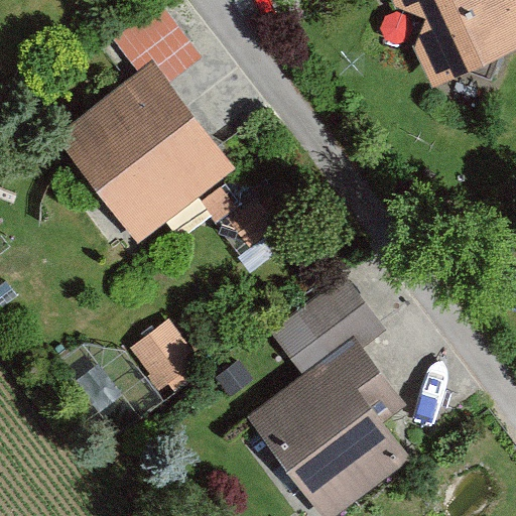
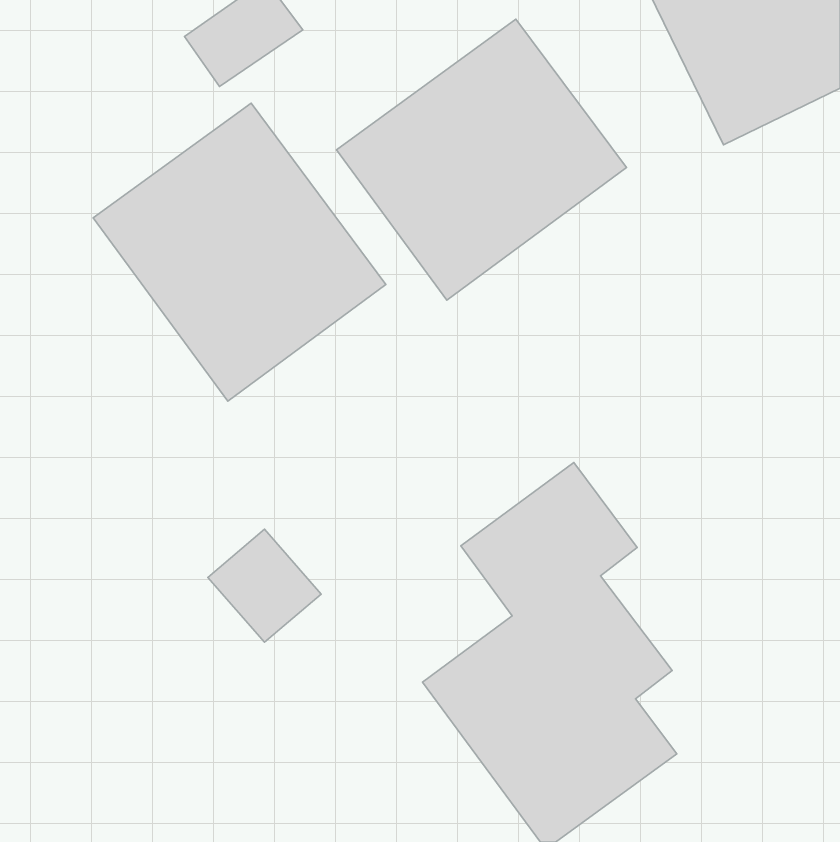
building: none -> [337,19,627,300]

